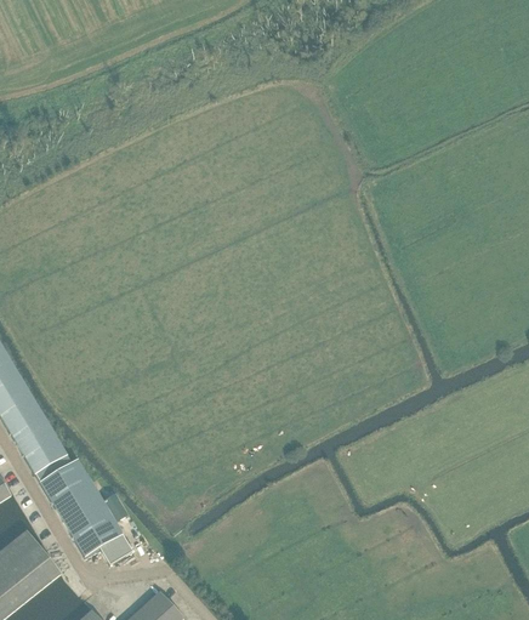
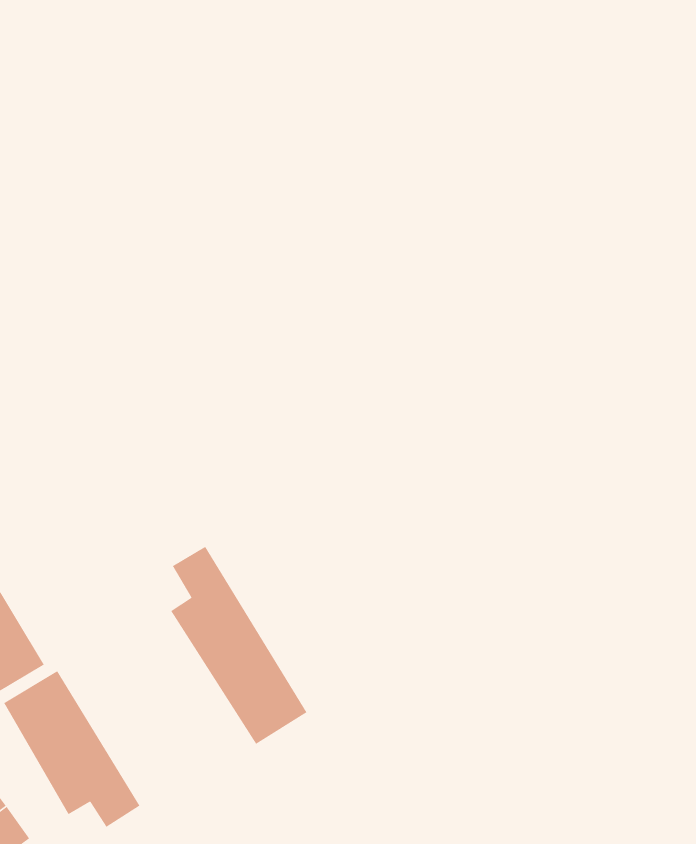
building: none -> [170,546,307,745]

